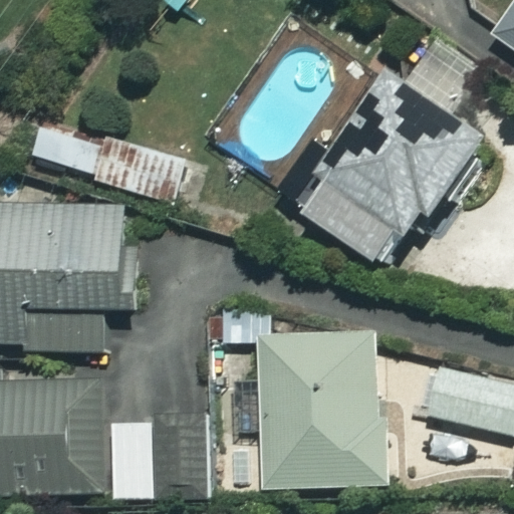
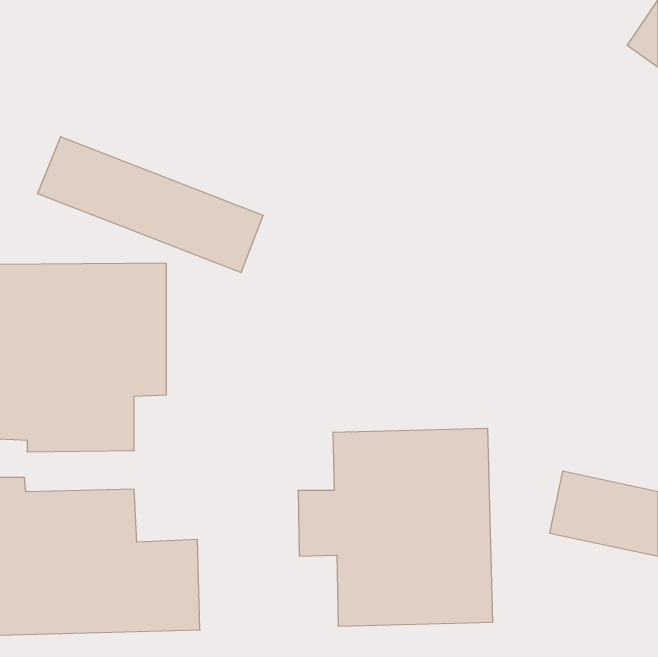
building: [295,74,478,271] -> none

